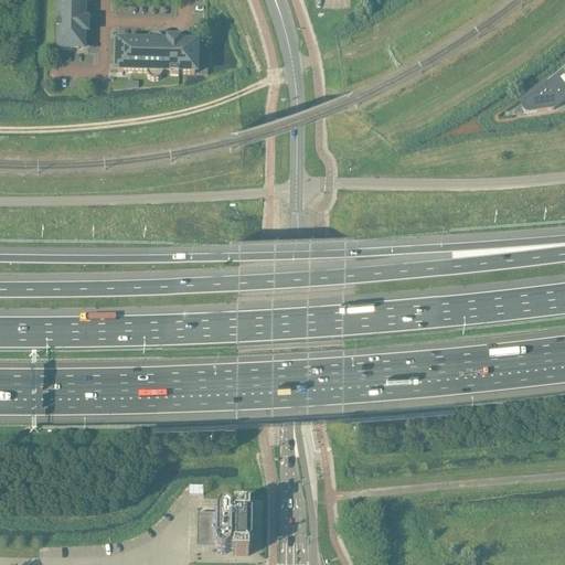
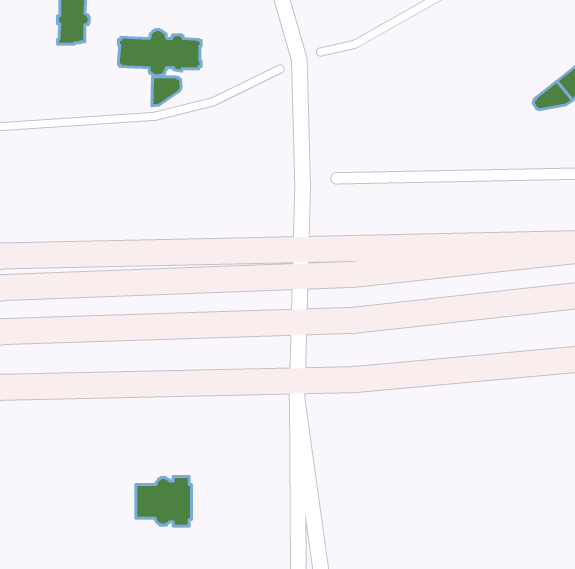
building: none -> [152,77,181,106]
building: [199,500,253,548] -> [136,477,191,526]

